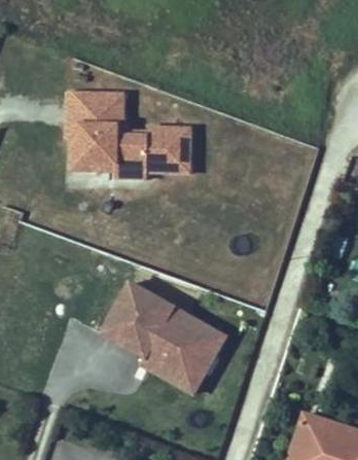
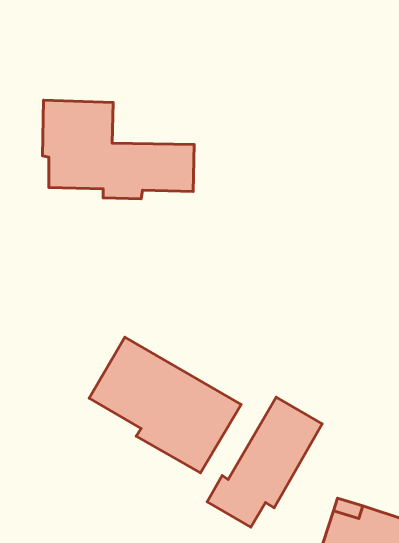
building: none -> [207,397,322,527]

